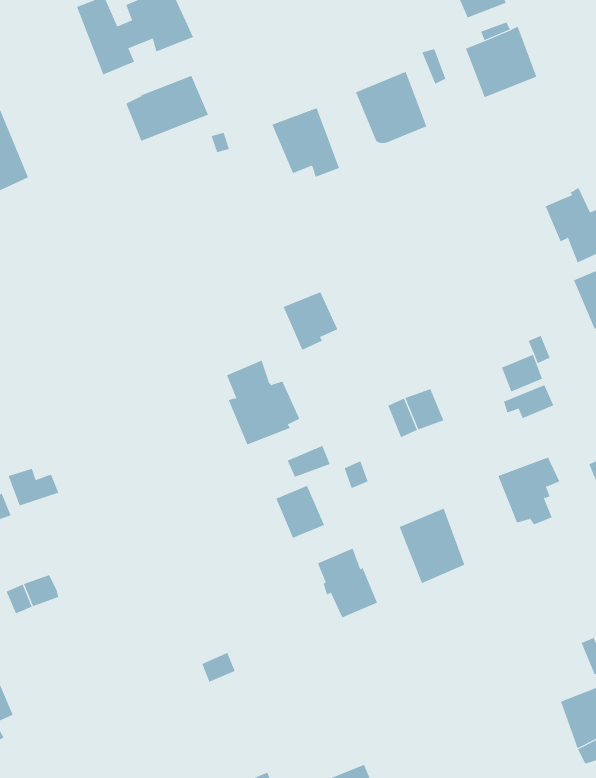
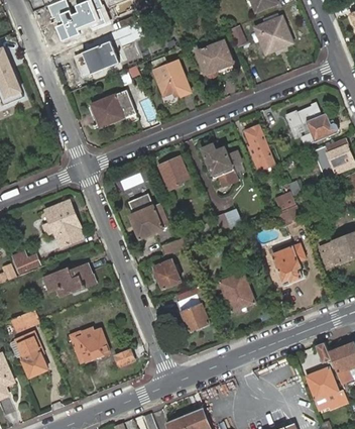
building: none -> [89,89,135,127]
building: none -> [243,127,276,175]
building: none -> [199,142,240,186]
building: none -> [42,201,81,245]
building: none -> [42,261,94,296]
building: none -> [65,328,108,362]
building: none -> [16,331,47,377]

